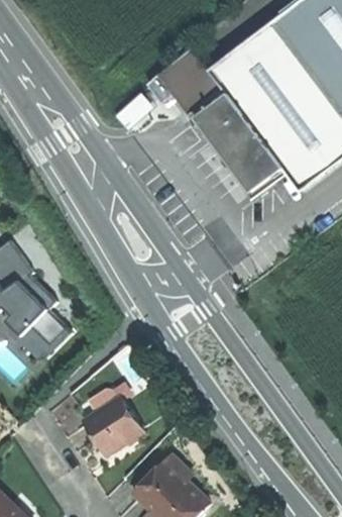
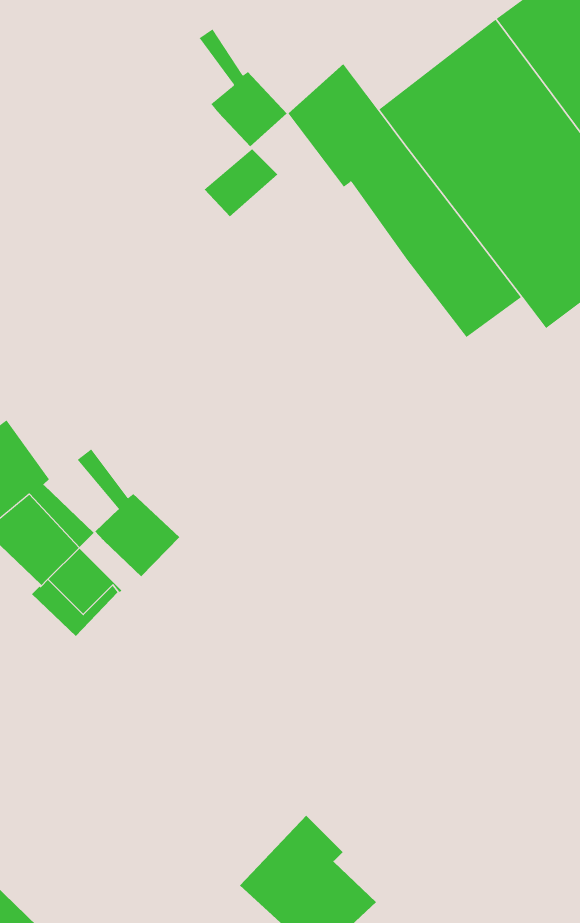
building: none -> [199,29,288,147]
building: none -> [77,448,180,577]
building: [83,398,141,455] -> none

